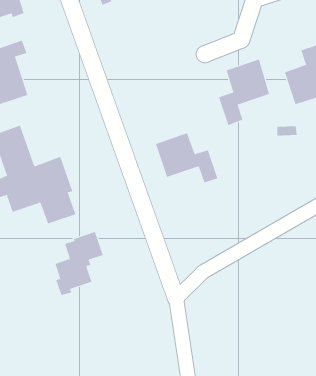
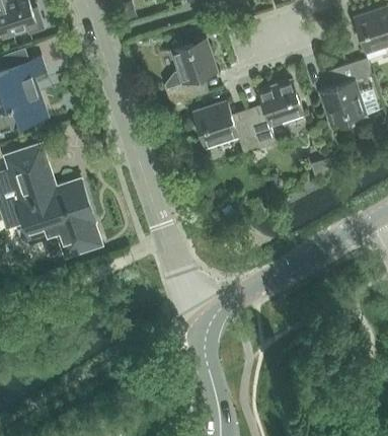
building: none -> [164,37,219,104]
building: [155,133,218,183] -> [192,99,259,153]
building: [55,231,104,296] -> none

